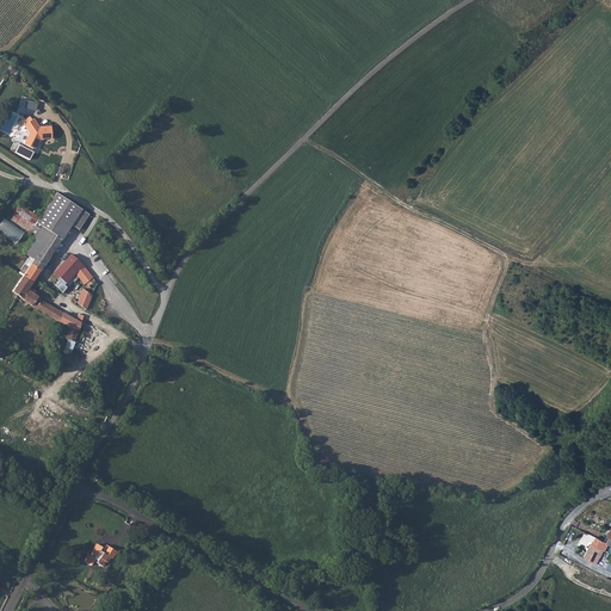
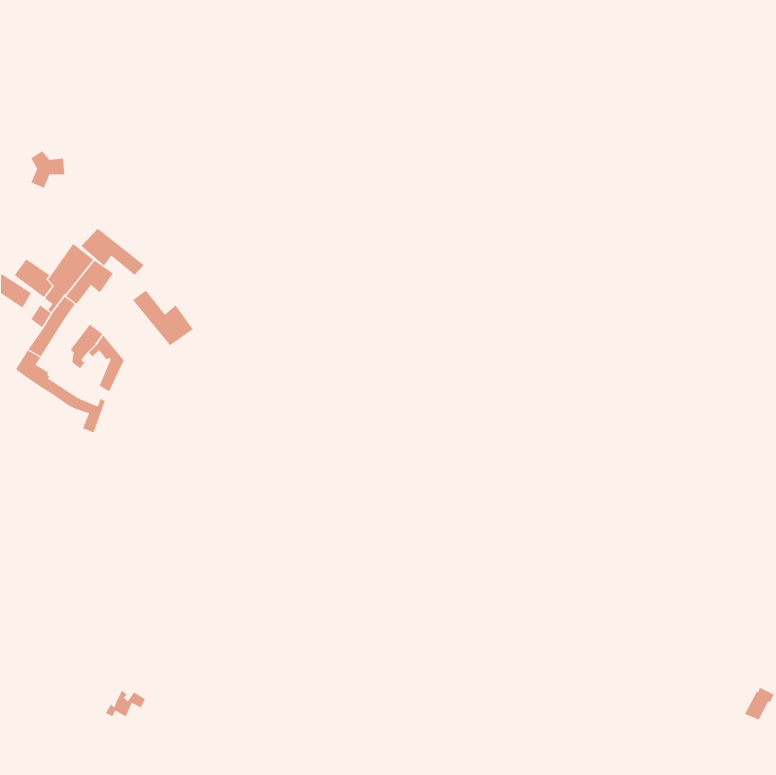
building: none -> [81,228,145,275]
building: none -> [132,291,194,346]

